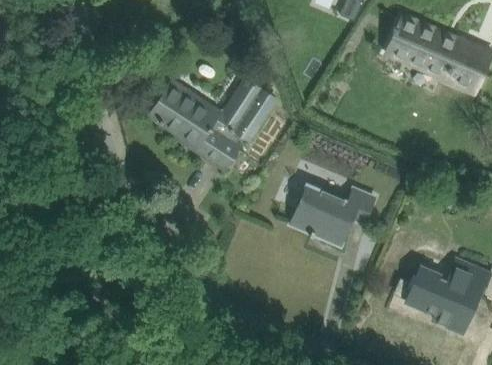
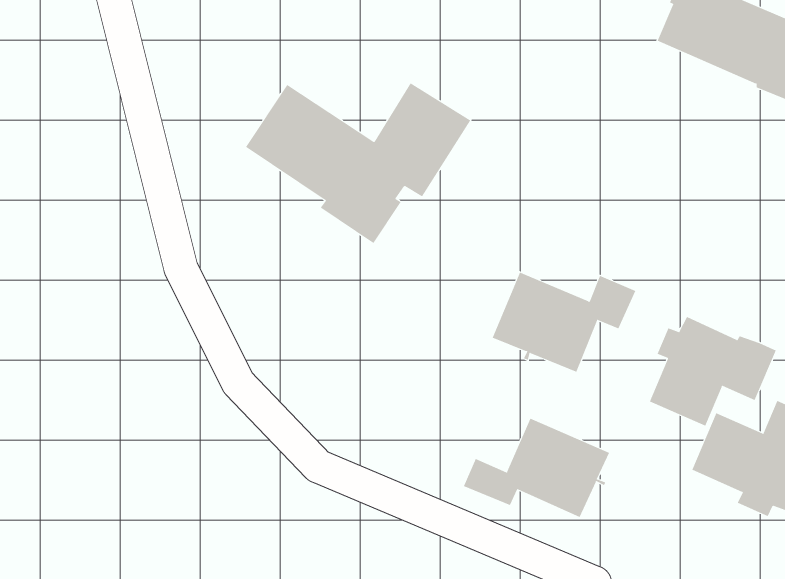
building: none -> [649,316,776,427]
building: none -> [463,418,610,518]

